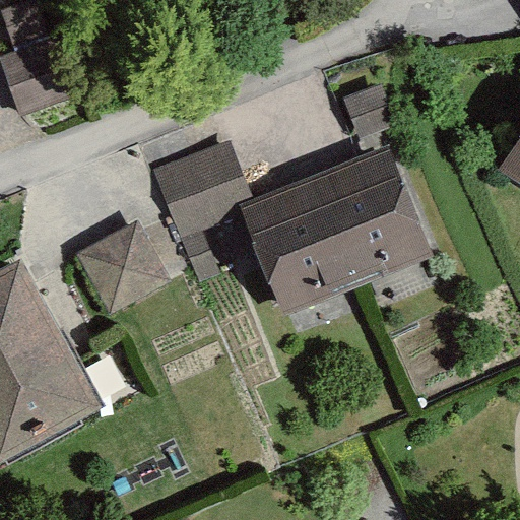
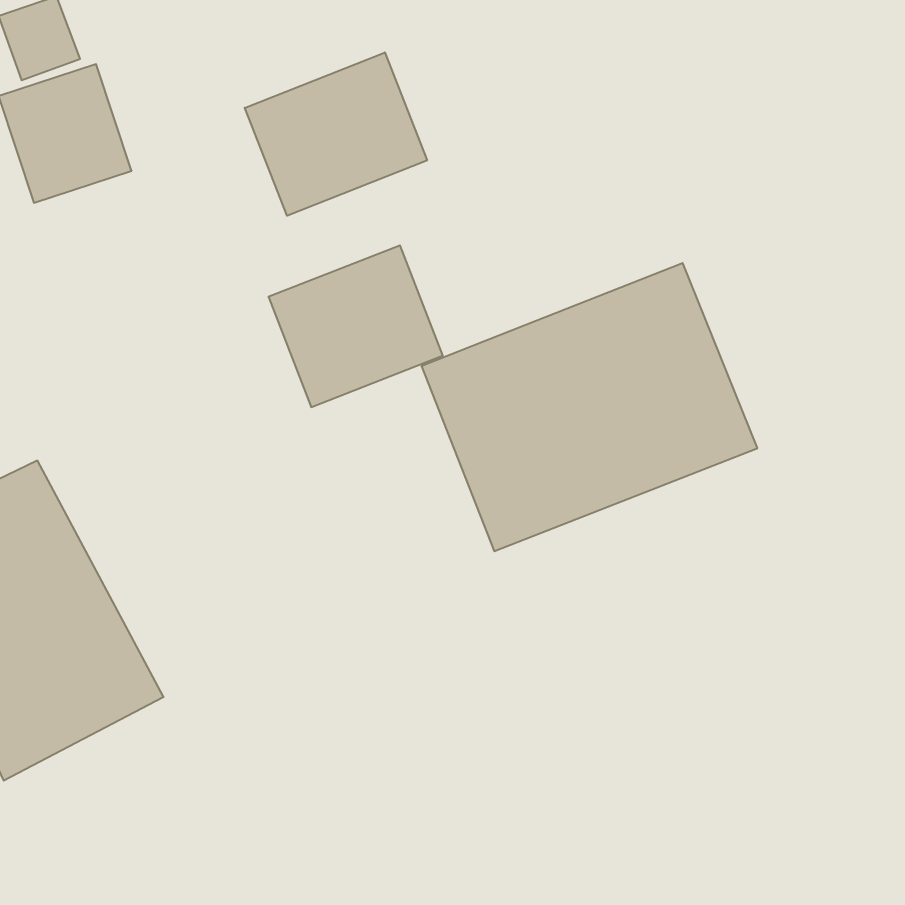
building: none -> [245,52,427,216]
building: [77,220,171,313] -> none

